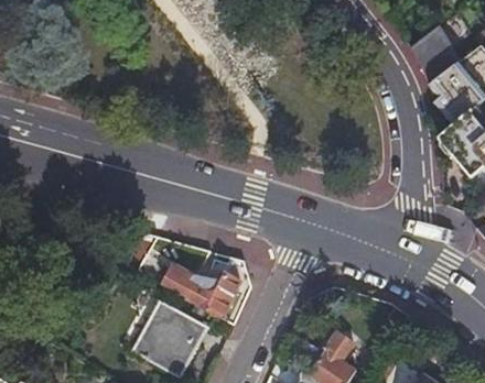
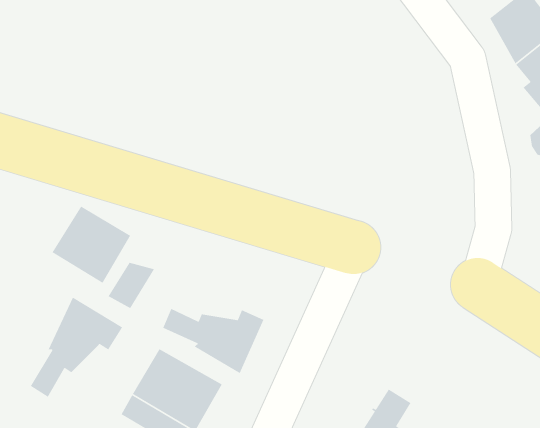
building: none -> [52,205,131,284]
building: none -> [30,296,123,398]

